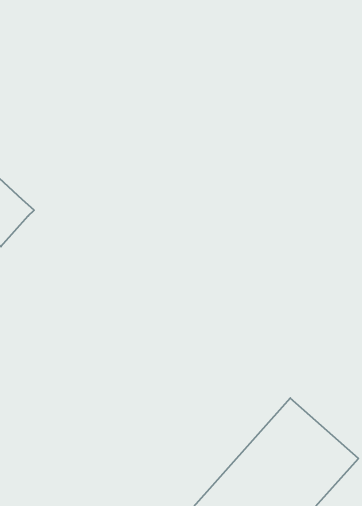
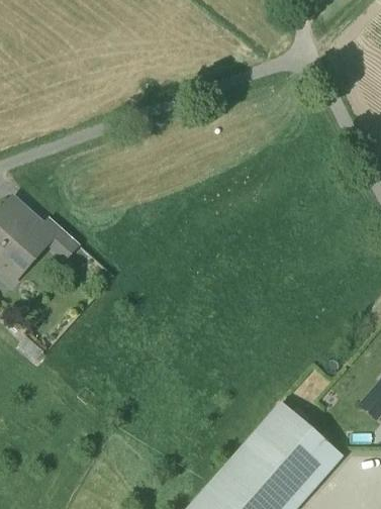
building: none -> [43,218,79,257]

